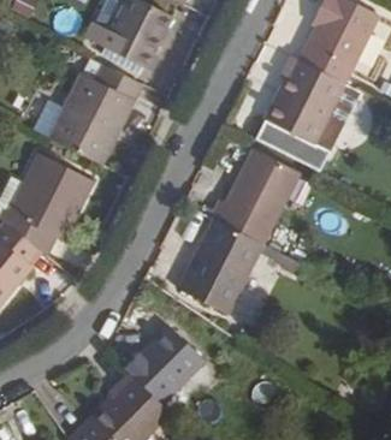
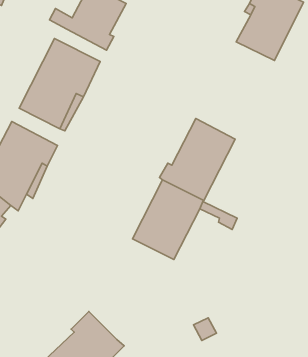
building: [255,57,359,171] -> none
building: [123,325,205,405] -> none

